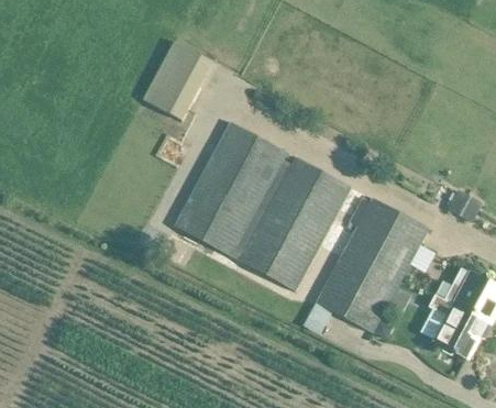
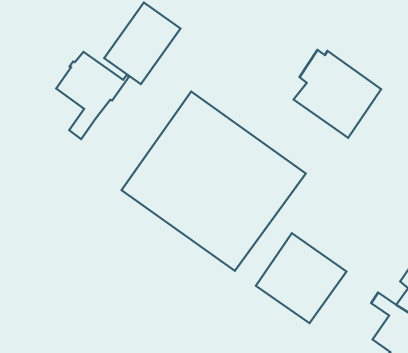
building: none -> [56,52,129,139]
building: [344,197,428,278] -> [293,50,381,138]

